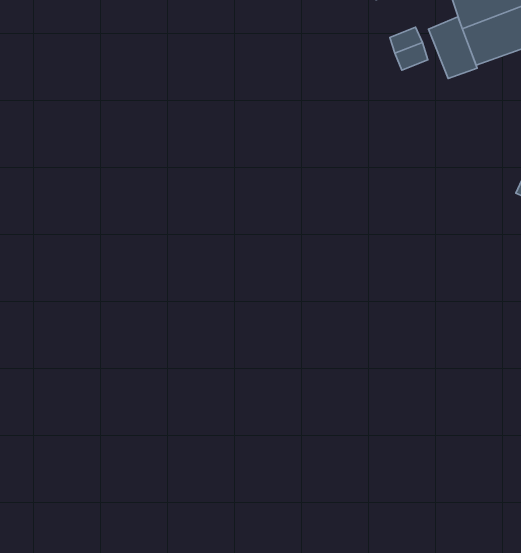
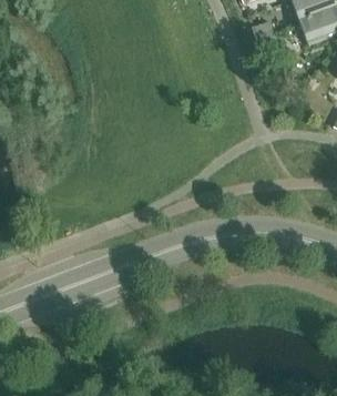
building: [429,17,477,78] -> none

